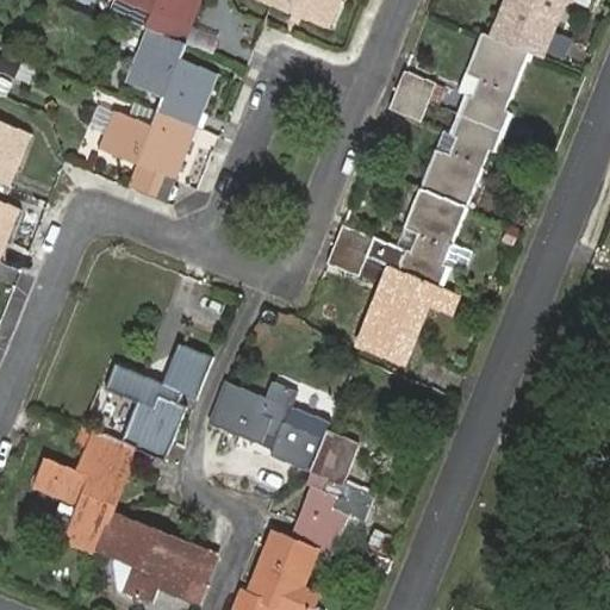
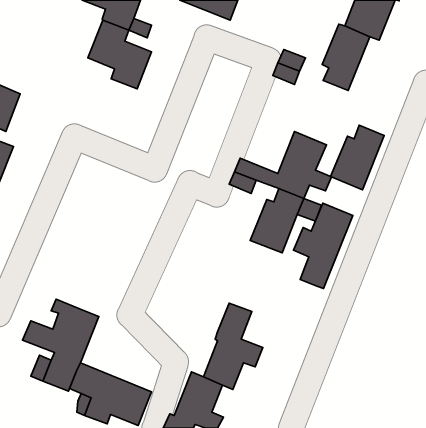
building: [99,111,195,201] -> none
building: [419,114,496,206] -> [331,125,384,190]
building: none -> [293,203,353,289]
building: [105,343,212,460] -> none
building: [206,380,330,472] -> none

